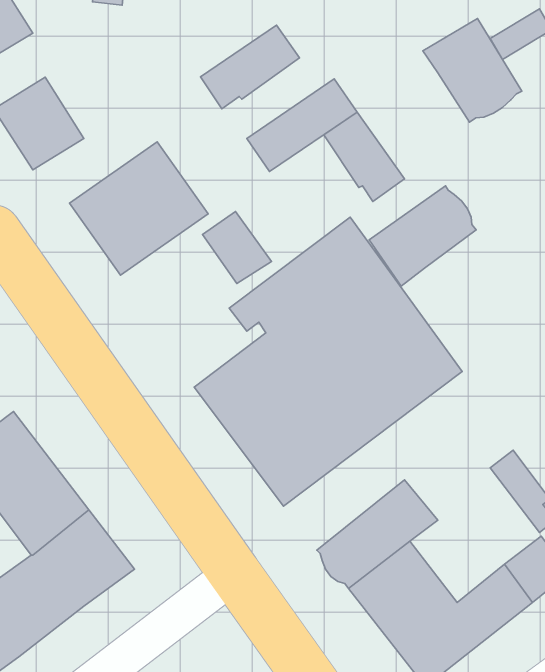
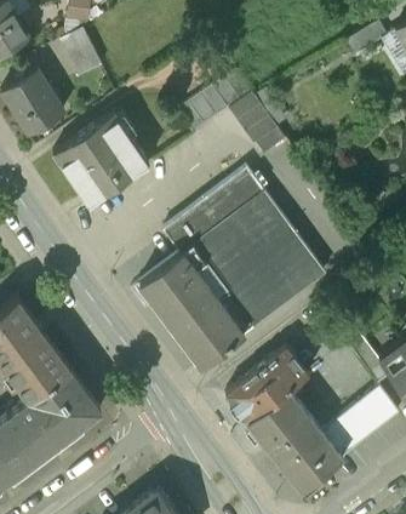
building: none -> [59,28,102,78]
building: [423,18,522,122] -> none
building: [201,25,299,109] -> none
building: [369,186,476,286] -> none
building: [203,212,272,284] -> none

